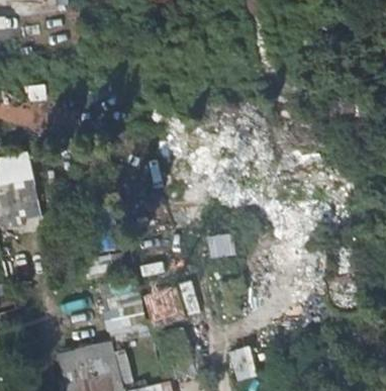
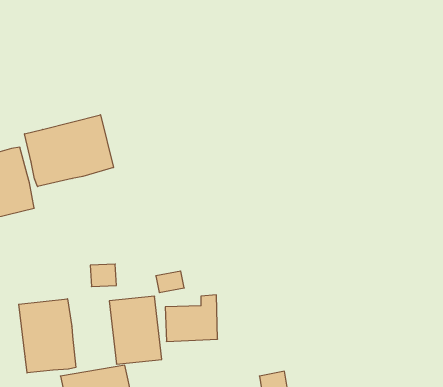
building: none -> [25,115,113,187]
building: none -> [19,299,76,373]

